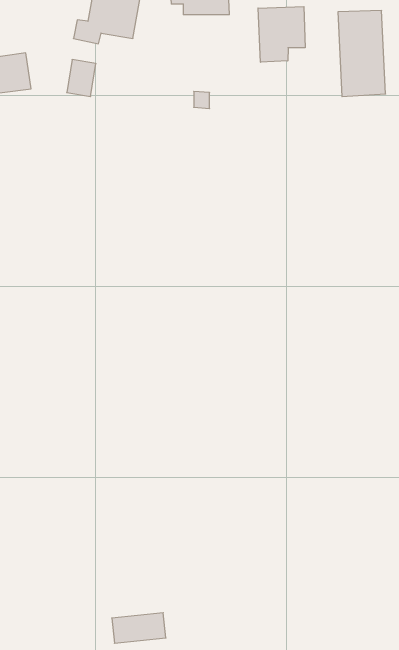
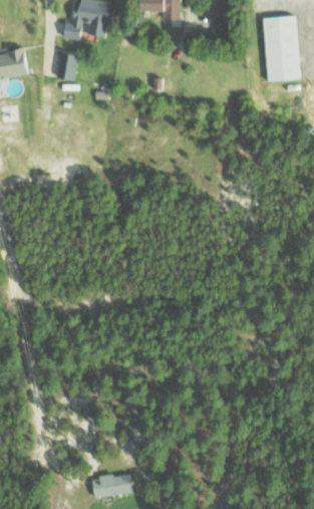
building: [258,7,305,62] -> none

